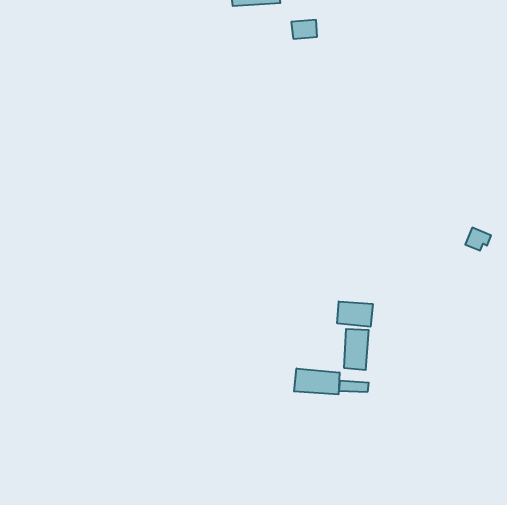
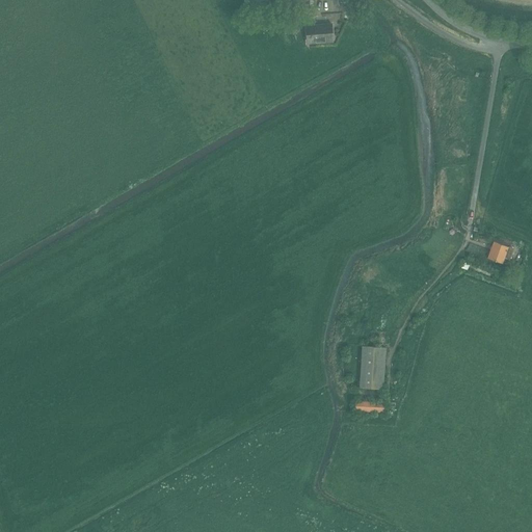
building: [337,301,373,327] -> none
building: [294,368,339,394] -> none

